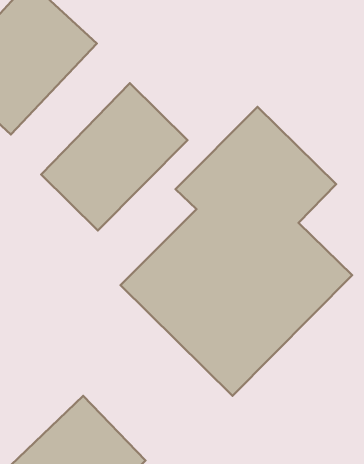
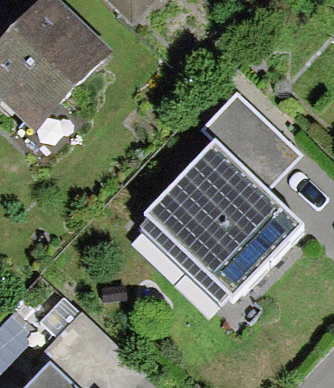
building: [41,83,187,231] -> none

